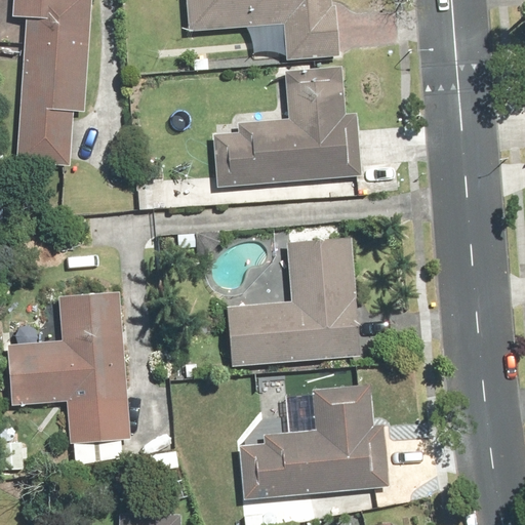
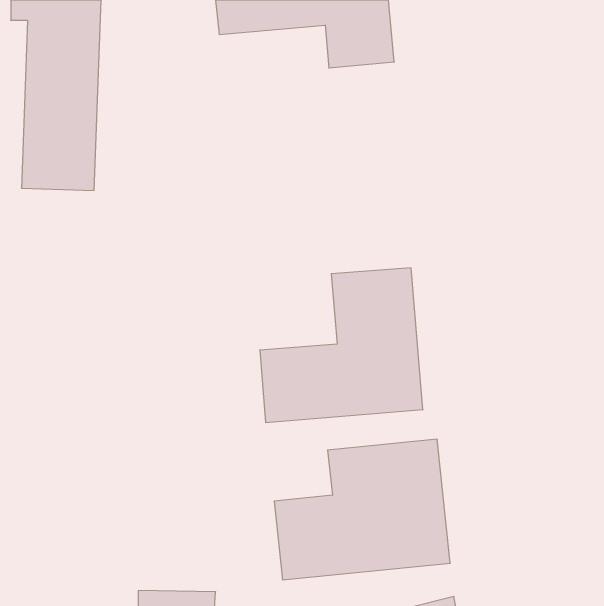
building: [209,69,356,189] -> none
building: [7,284,132,443] -> none

